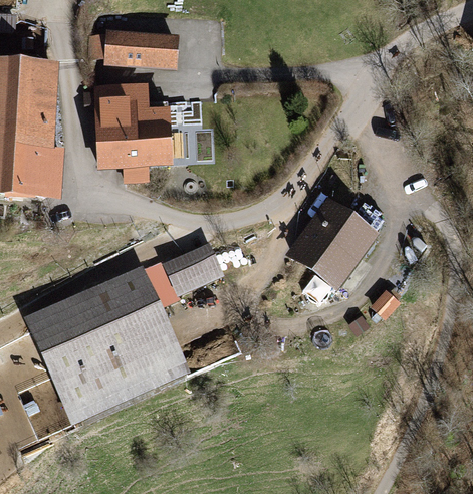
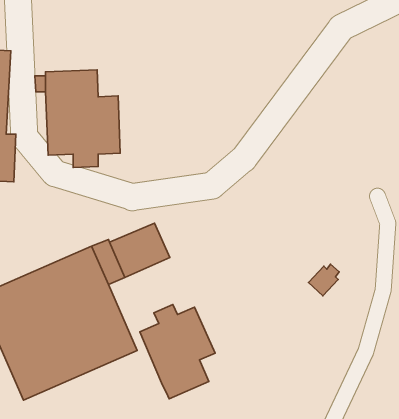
building: [88,27,180,69] -> none
building: [286,196,381,292] -> none
building: none -> [140,305,215,399]

